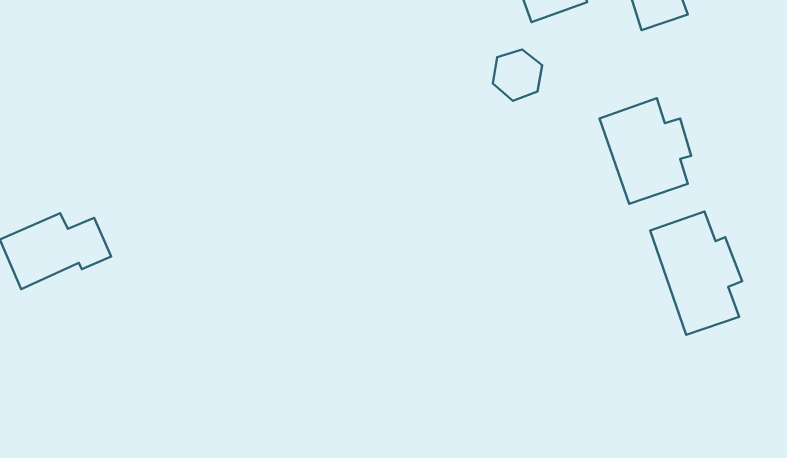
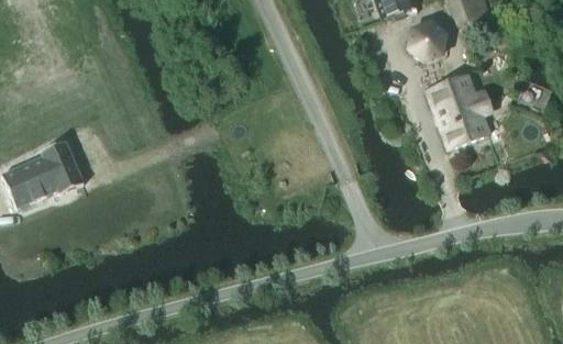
building: [493,49,542,101] -> [410,23,445,59]
building: [650,211,742,335] -> none

